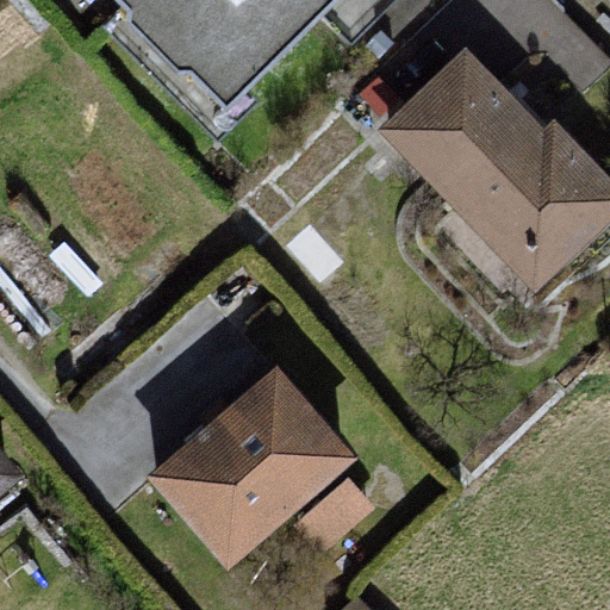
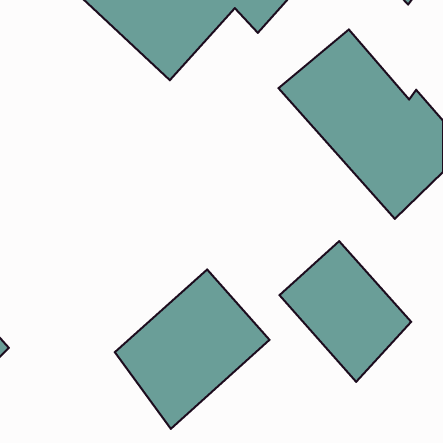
building: none -> [279,241,411,382]

